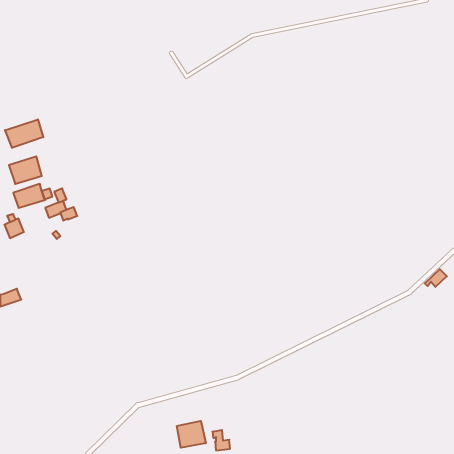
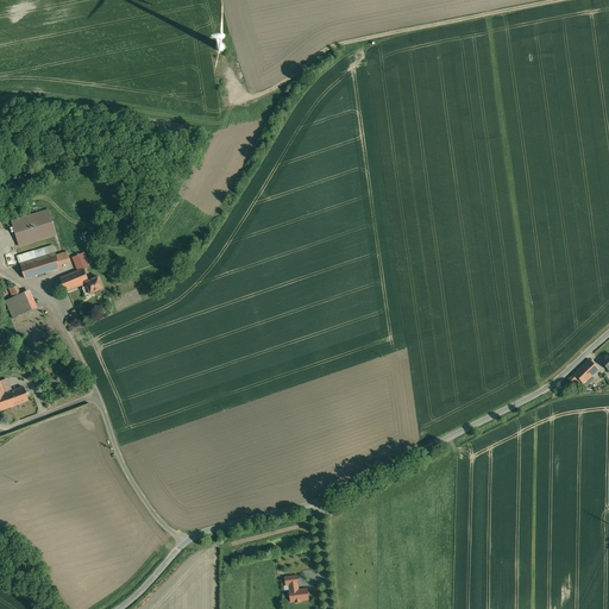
building: [5,119,43,148] -> none
building: [177,421,206,448] -> none

